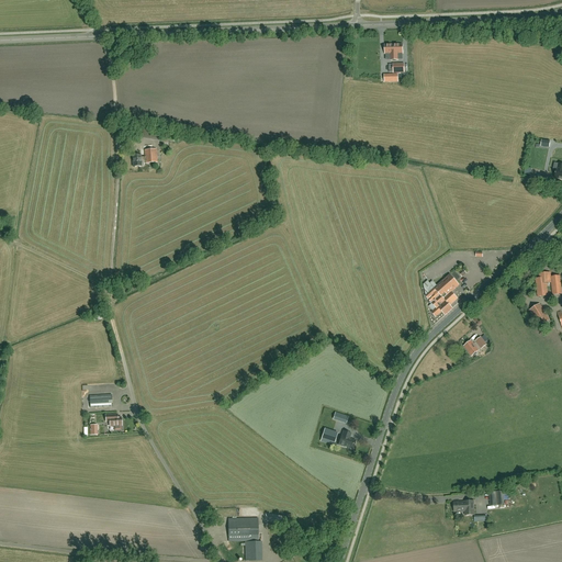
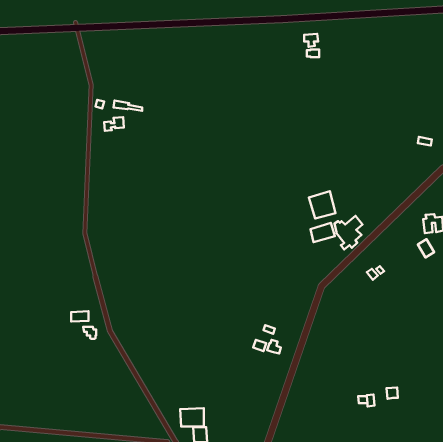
building: none -> [309,191,335,218]
building: none -> [310,223,335,242]

